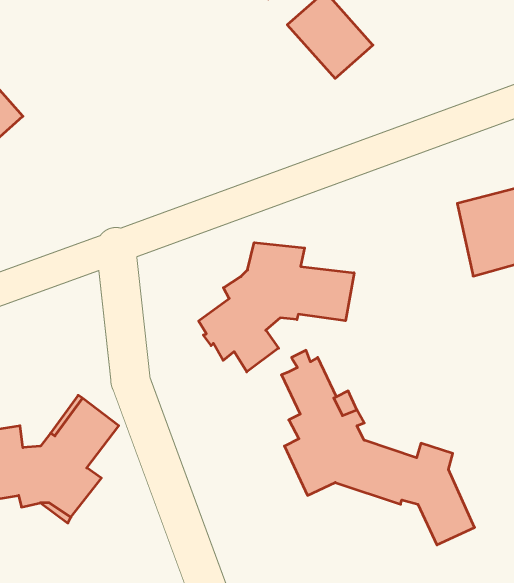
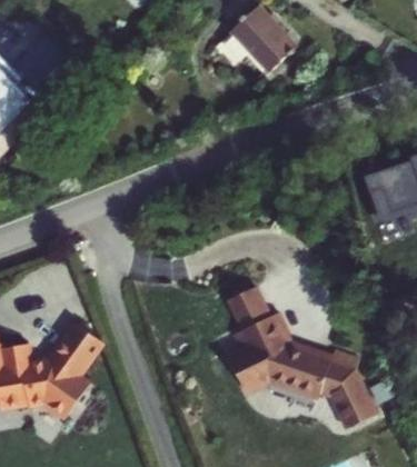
building: [199,243,354,372] -> none

